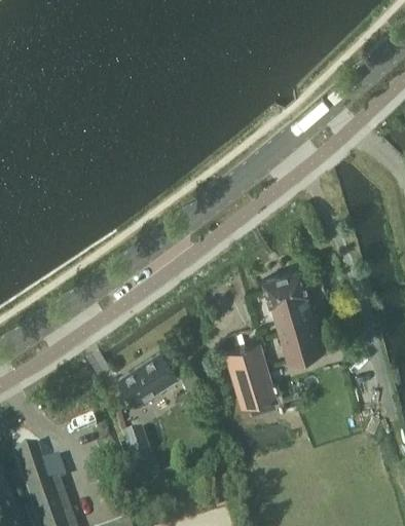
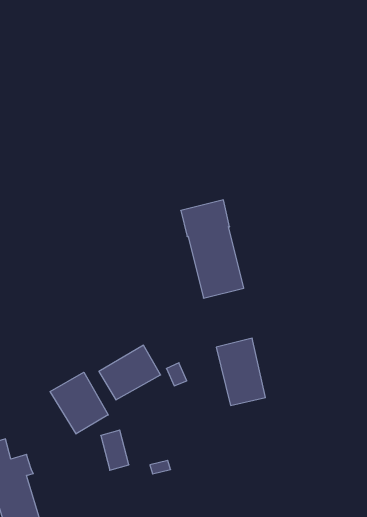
building: [263,272,326,365] -> [181,200,244,298]
building: none -> [50,372,108,434]

